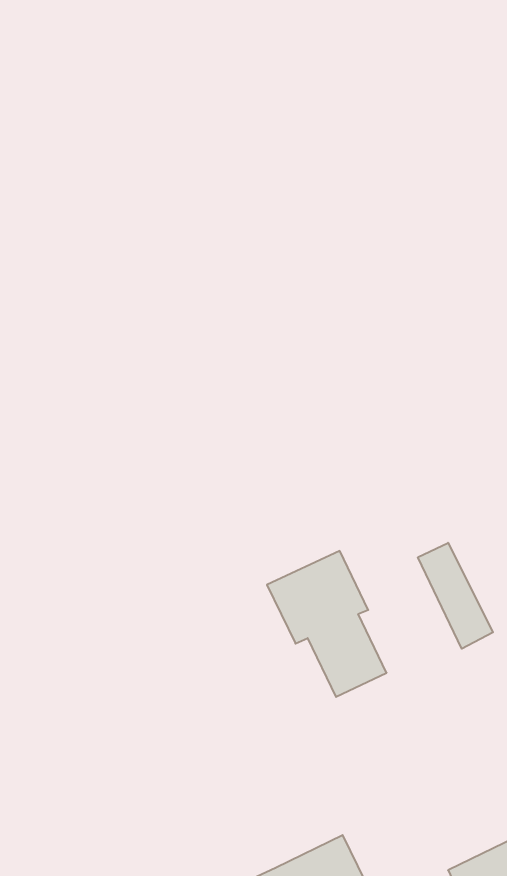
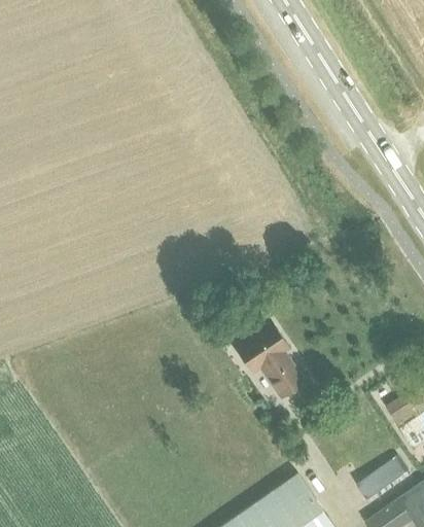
building: [418,543,493,649] -> none

